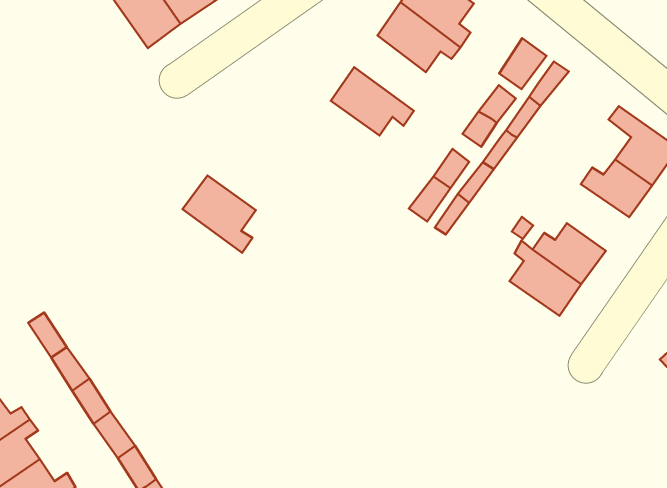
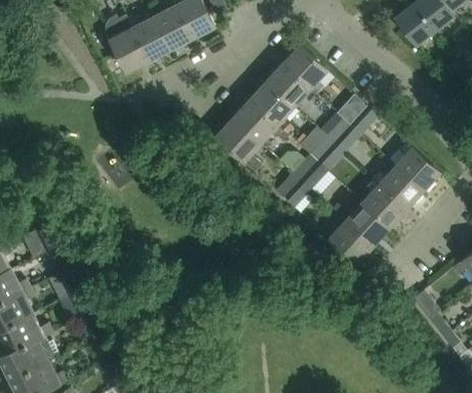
building: none -> [249,82,292,130]
building: [183,175,256,253] -> [215,118,260,167]
building: none -> [366,187,404,229]

